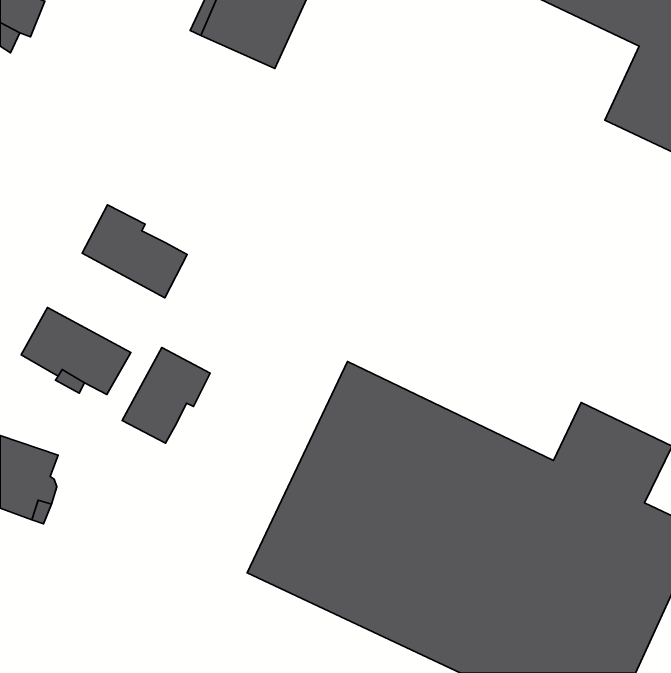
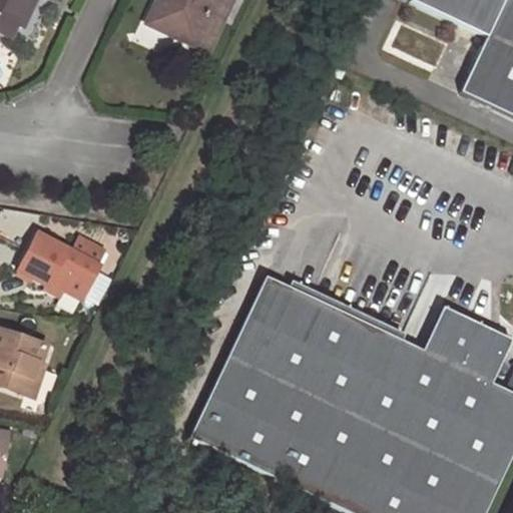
building: [82,205,187,298] -> none
building: [122,348,210,443] -> none

